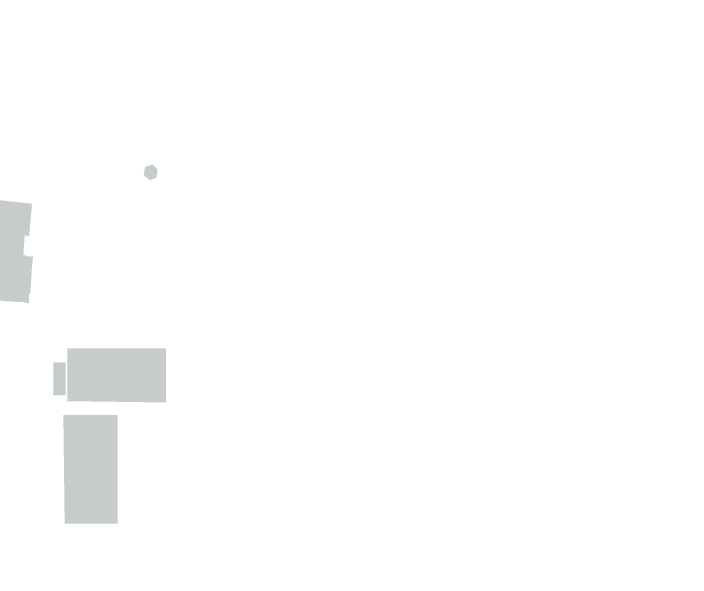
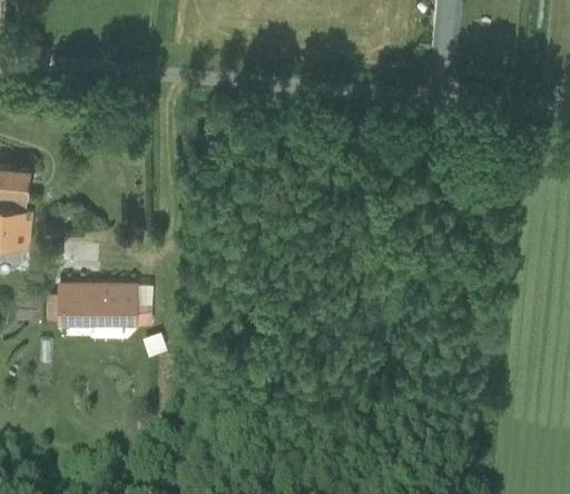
building: [63,414,118,524] -> none

